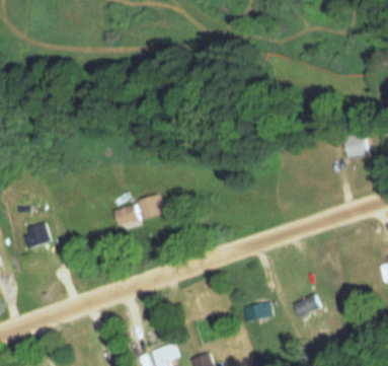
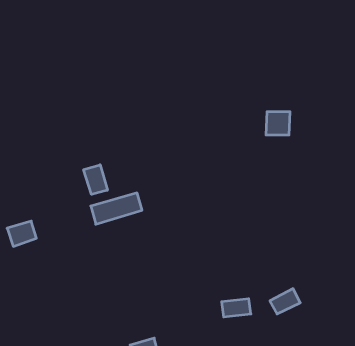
building: [342,136,367,159] -> [266,112,290,135]
building: none -> [84,165,107,194]

